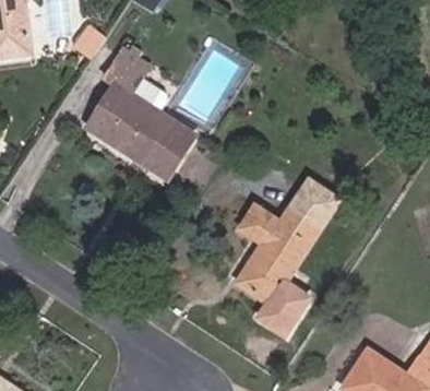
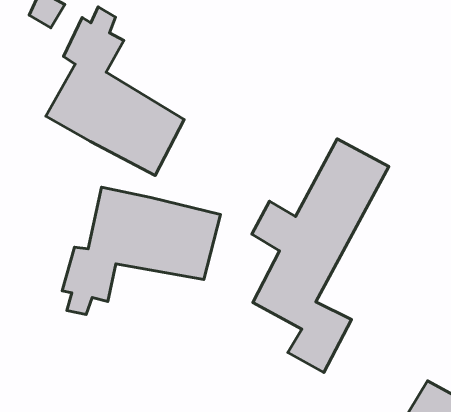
building: none -> [62,187,220,314]

